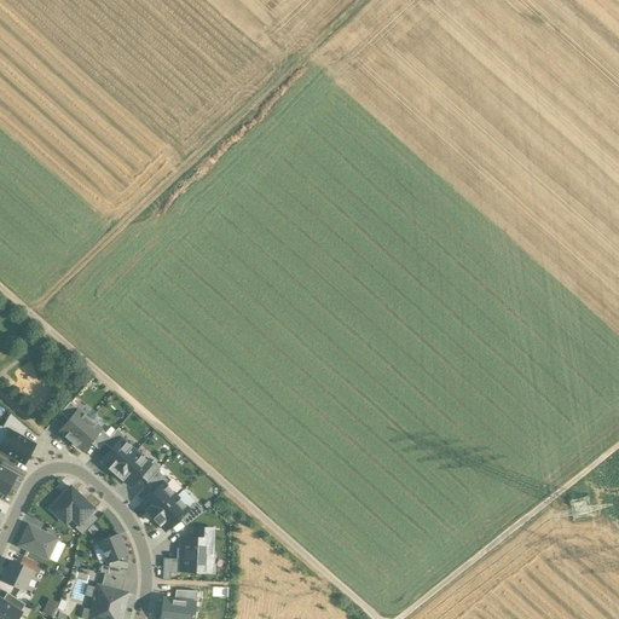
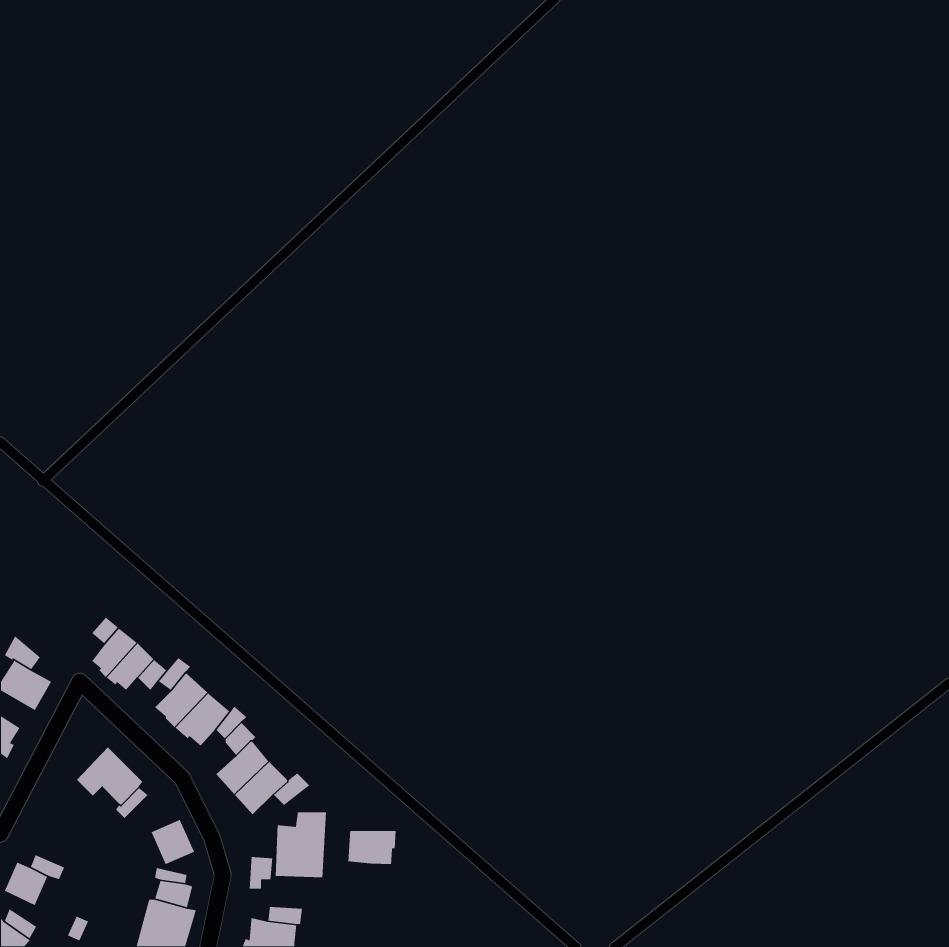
building: [18,525,57,559] -> none
building: none -> [347,830,396,865]

